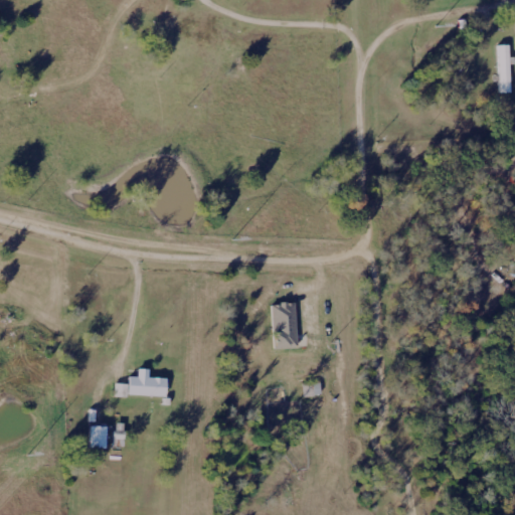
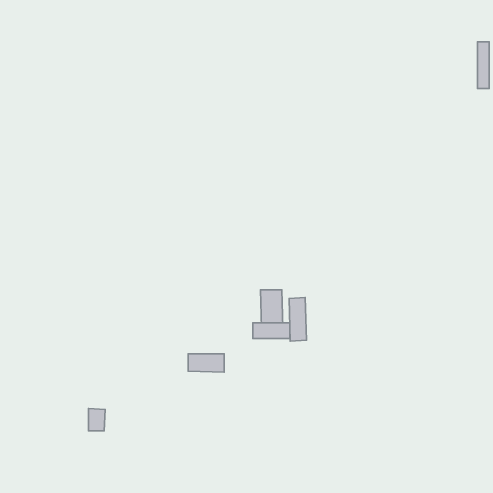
building: none -> [289,297,306,341]
building: [127,376,164,395] -> [188,354,224,372]

